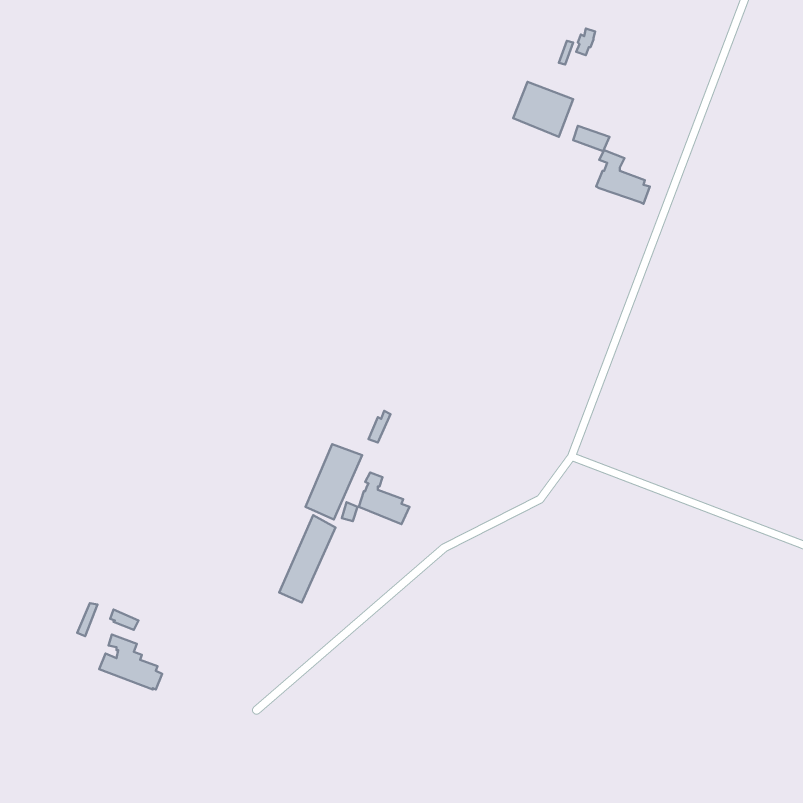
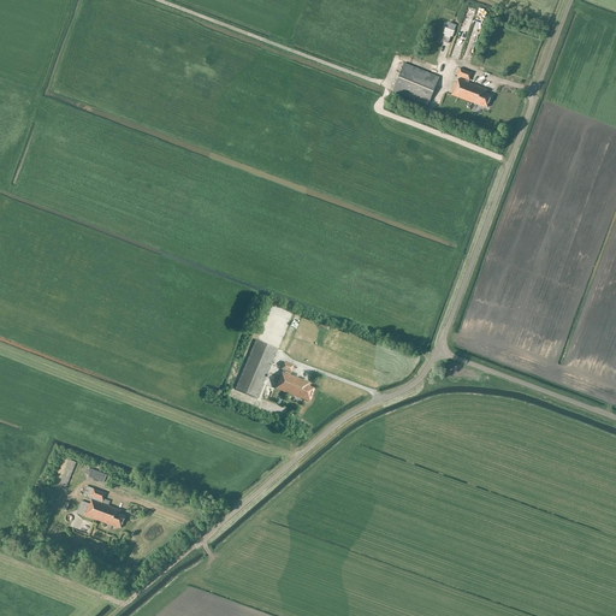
building: [596,150,650,204] -> [450,66,491,107]
building: [279,515,335,602] -> none

